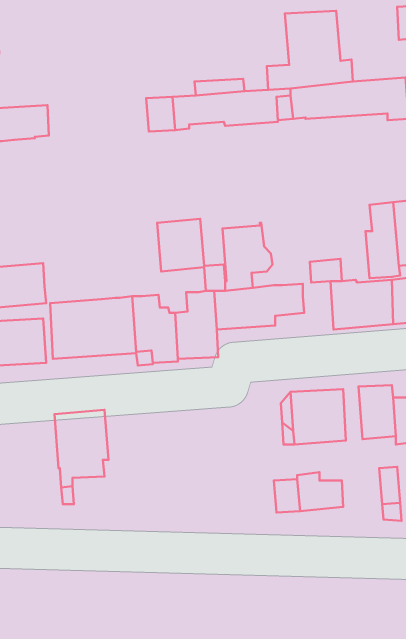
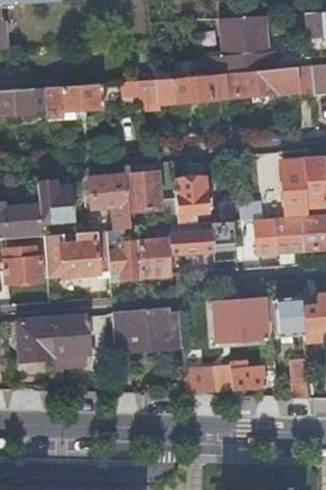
building: none -> [44,83,103,119]
building: none -> [90,175,130,230]
building: none -> [38,181,74,223]
building: none -> [113,309,178,352]
building: none -> [17,319,52,362]
building: none -> [183,360,215,394]

